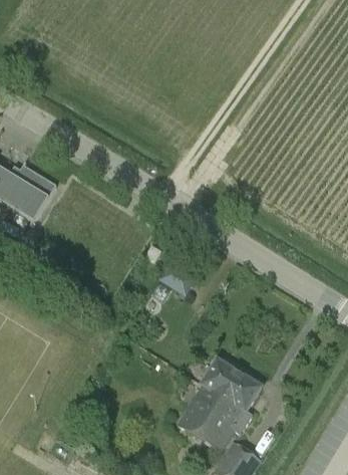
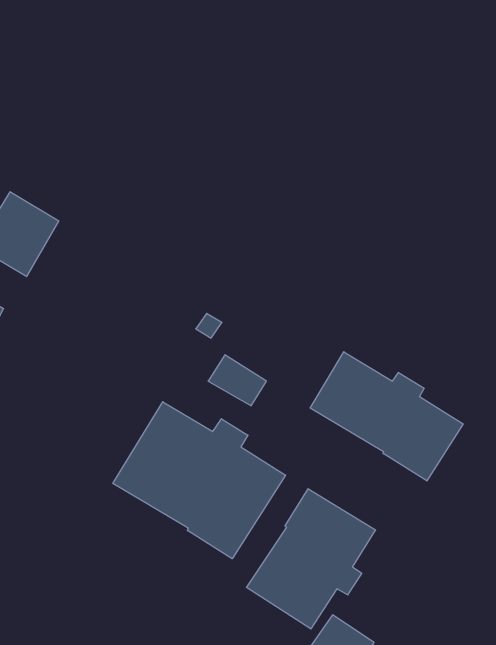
building: none -> [310,352,463,481]
building: none -> [113,402,286,559]

